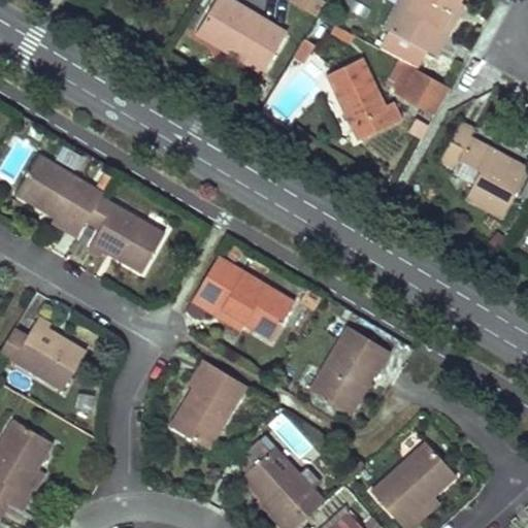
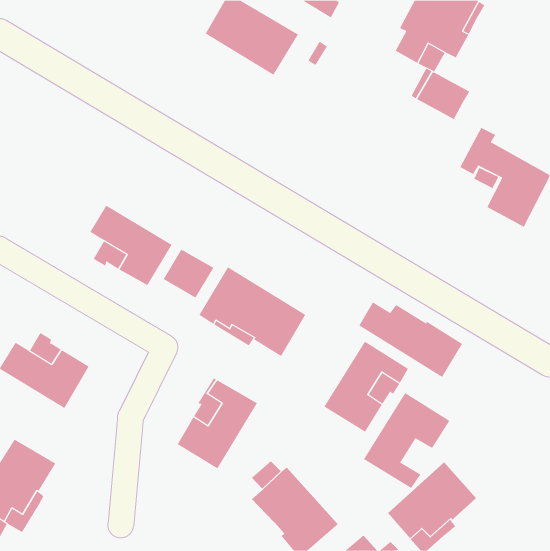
building: [326,57,400,139] -> none
building: [15,155,103,236] -> none
building: none -> [163,249,214,298]
building: none -> [358,301,463,378]
building: none -> [363,392,450,489]

